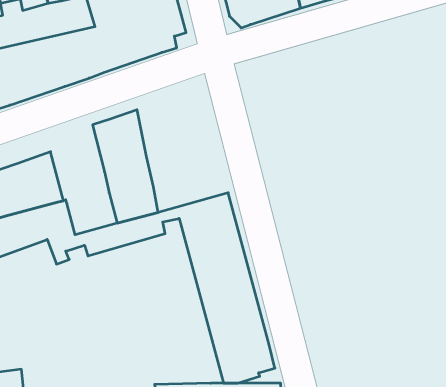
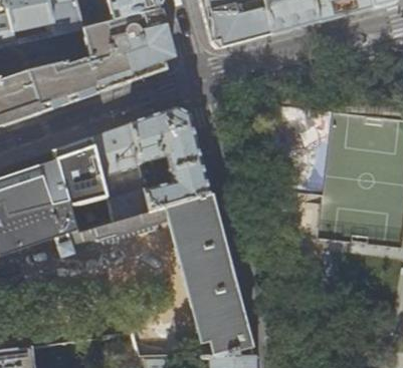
building: none -> [133,106,211,210]
building: none -> [56,134,109,202]

